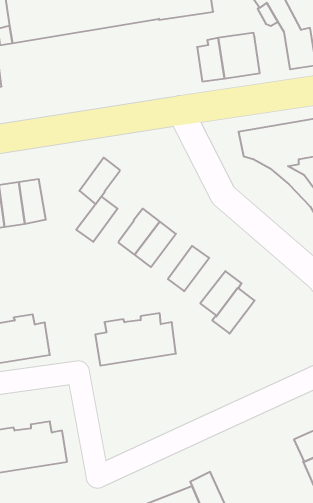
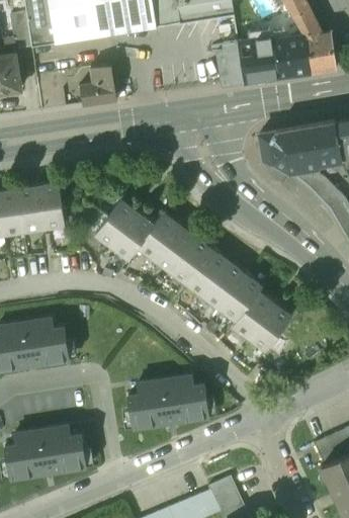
building: none -> [274,35,310,77]
building: none -> [79,64,116,104]
building: [79,158,120,204] -> [112,212,153,259]
building: none -> [170,238,211,283]
building: none -> [203,262,245,308]
building: none -> [249,305,290,350]
building: [95,313,176,366] -> [127,375,208,428]

